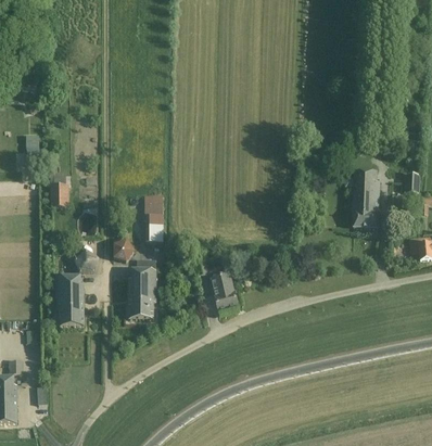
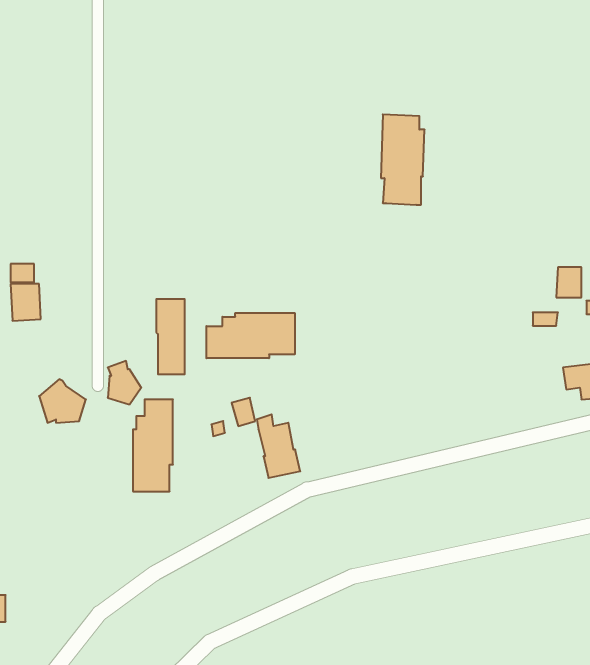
building: [352,170,380,229] -> [381,114,425,205]
building: none -> [206,313,295,358]
building: [56,277,84,326] -> none

